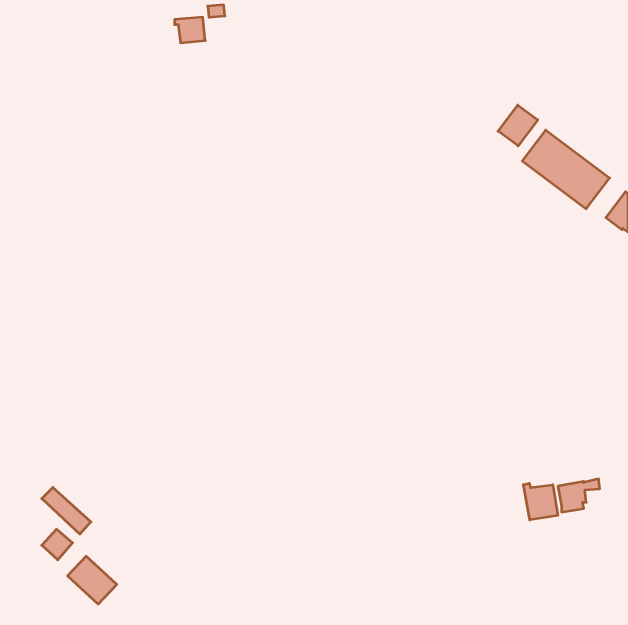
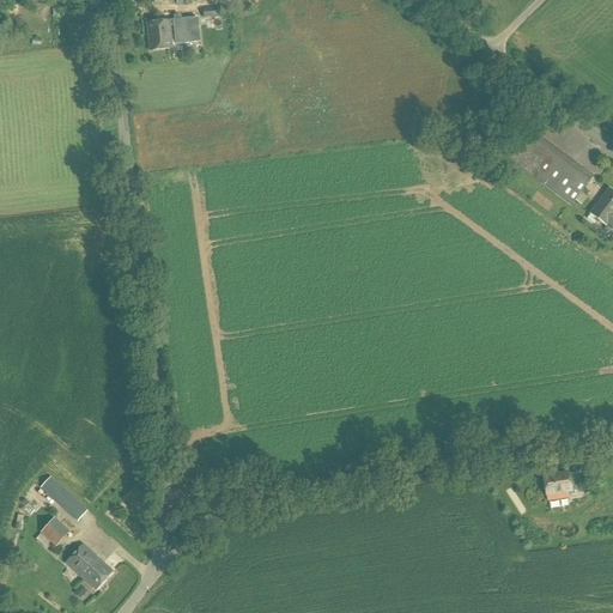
building: none -> [147,19,172,49]
building: [498,105,538,146] -> none
building: [523,483,558,520] -> none

